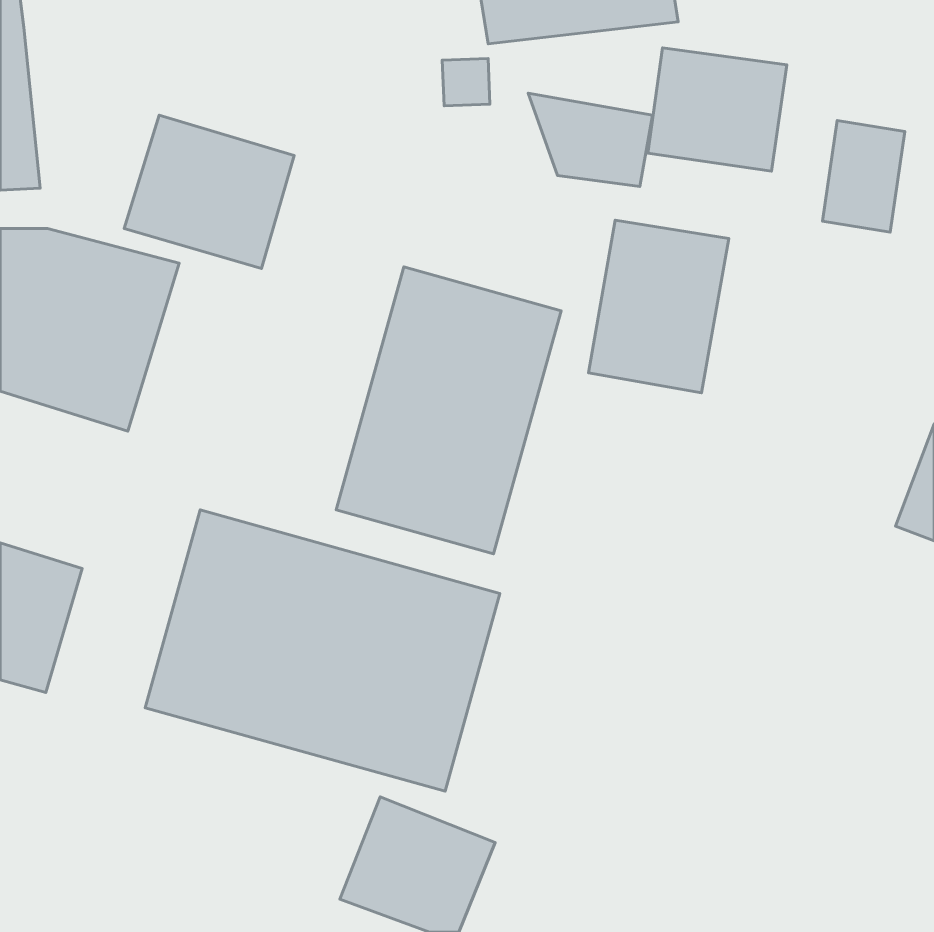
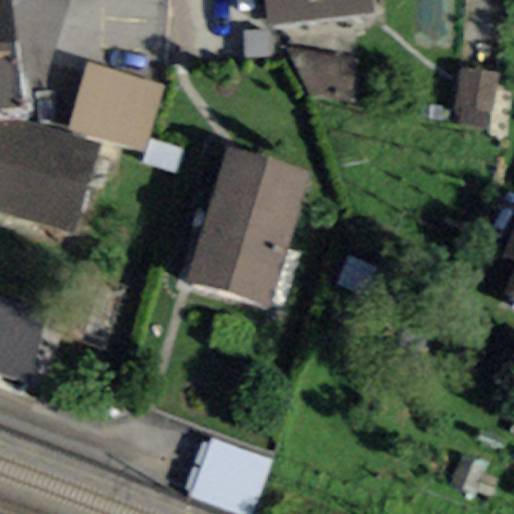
building: [648,48,787,171] -> none
building: [589,220,729,393] -> none
building: [145,510,500,791] -> none

